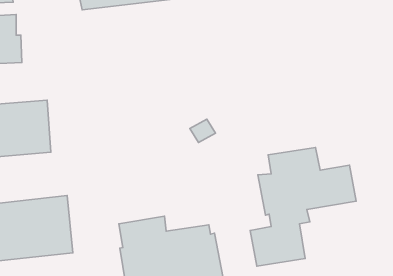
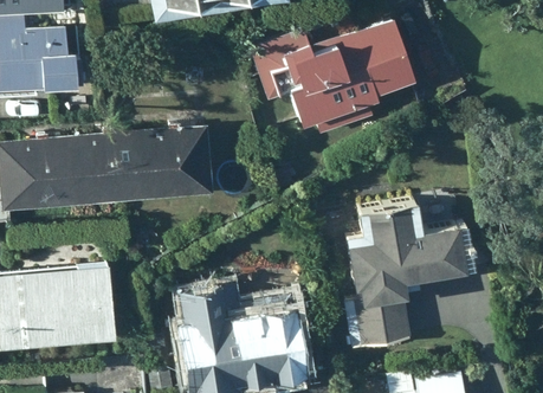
building: none -> [241,21,408,115]
building: none -> [93,128,208,202]

